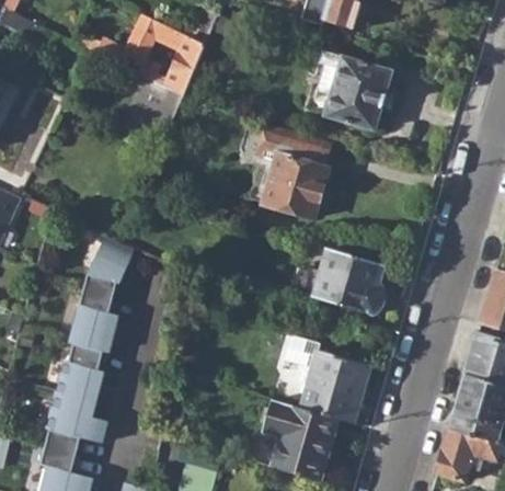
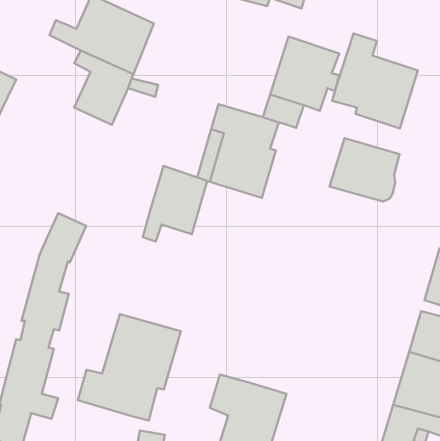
building: none -> [332,34,418,128]
building: none -> [143,166,207,241]
building: [312,248,383,312] -> [329,138,399,202]
building: [282,334,370,422] -> none
building: none -> [78,314,181,421]

